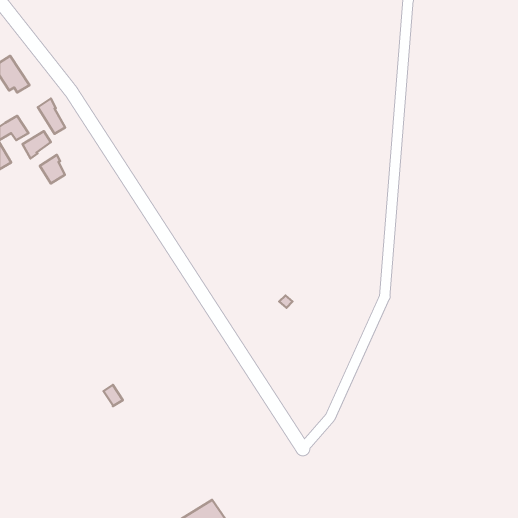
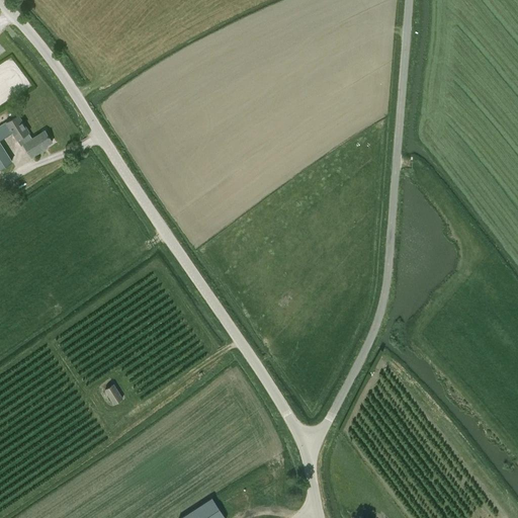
building: [38,99,65,134] -> none
building: [40,155,65,184] -> none

